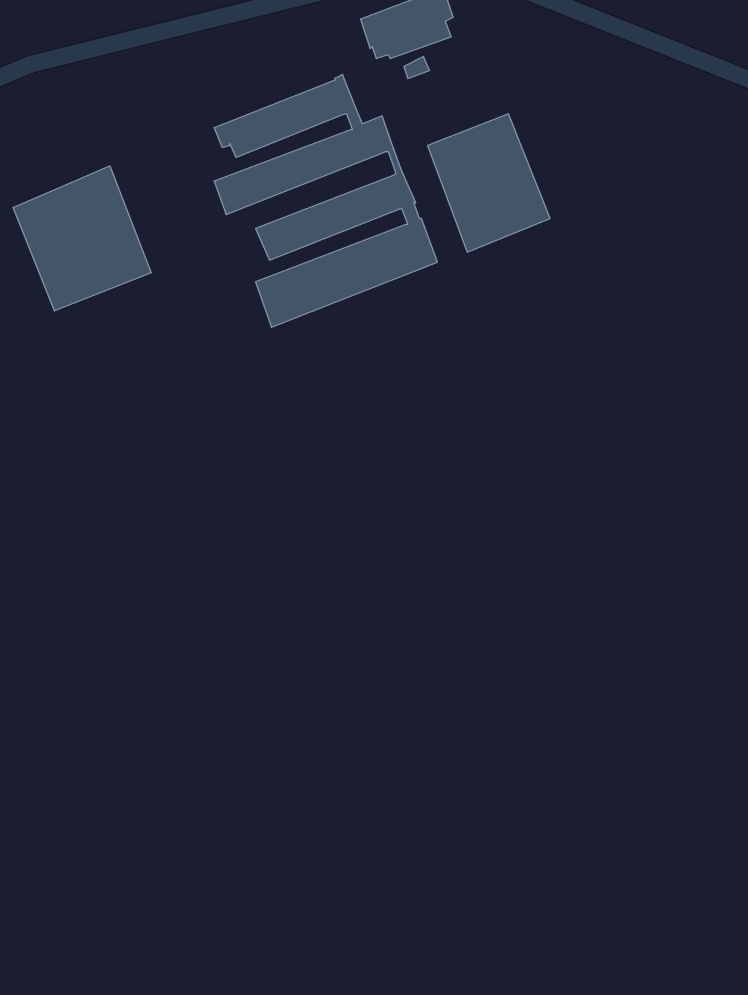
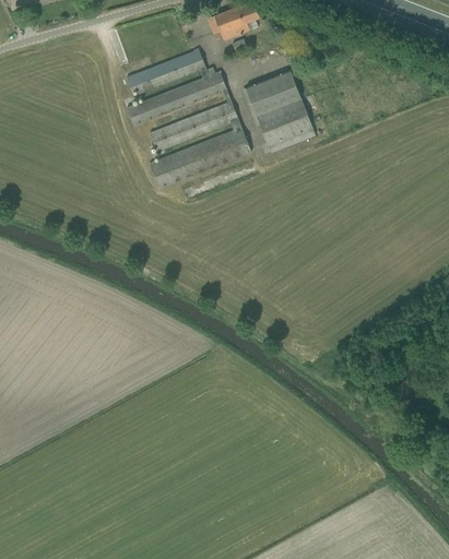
building: [13,166,151,311] -> none

